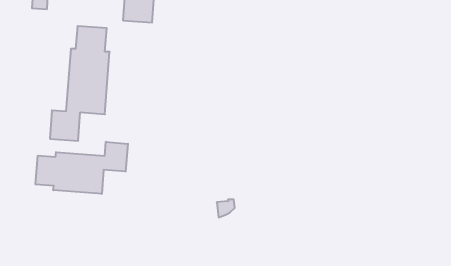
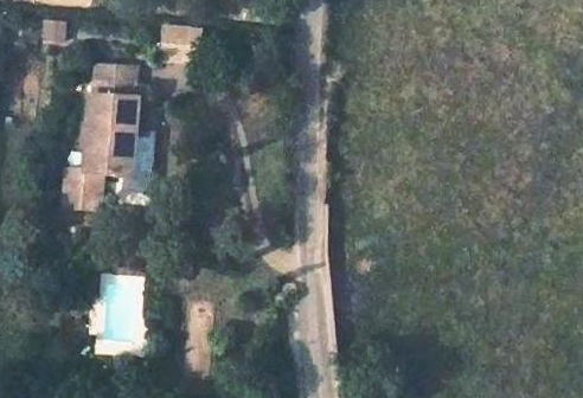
building: [35,142,128,194] -> none

